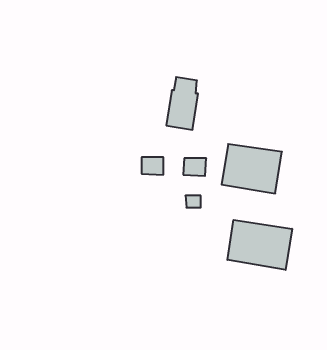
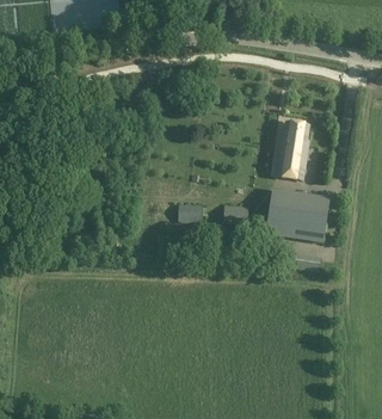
building: [166,77,198,130] -> [273,122,308,179]
building: [227,220,292,270] -> none

